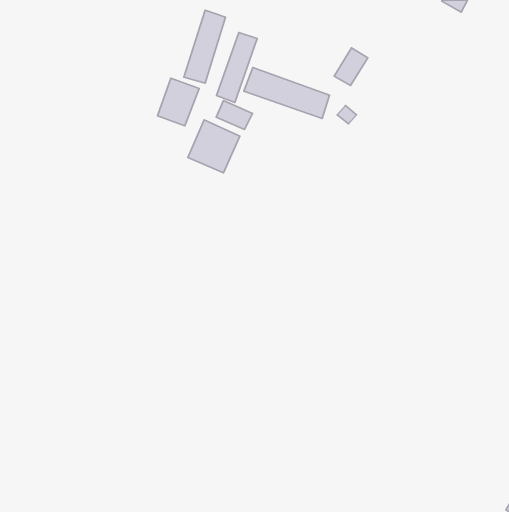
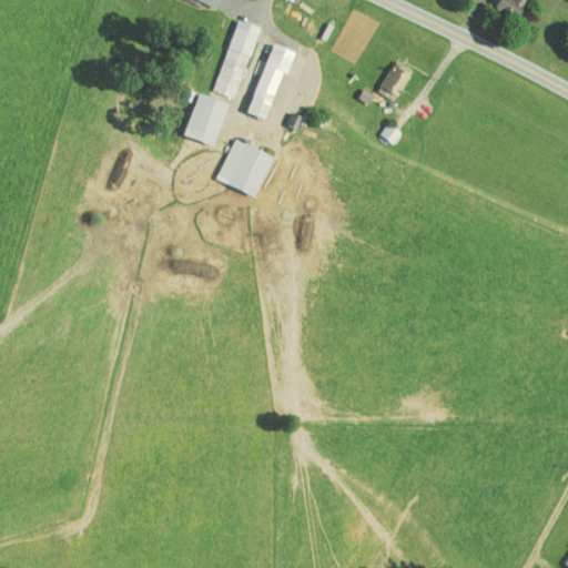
building: [244,68,330,119] -> none
building: [216,100,252,129] -> none

